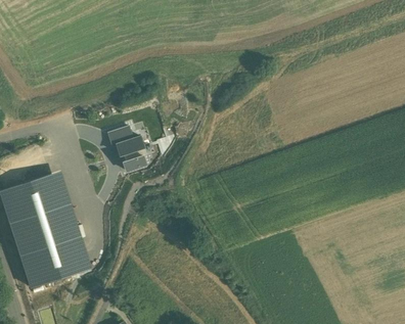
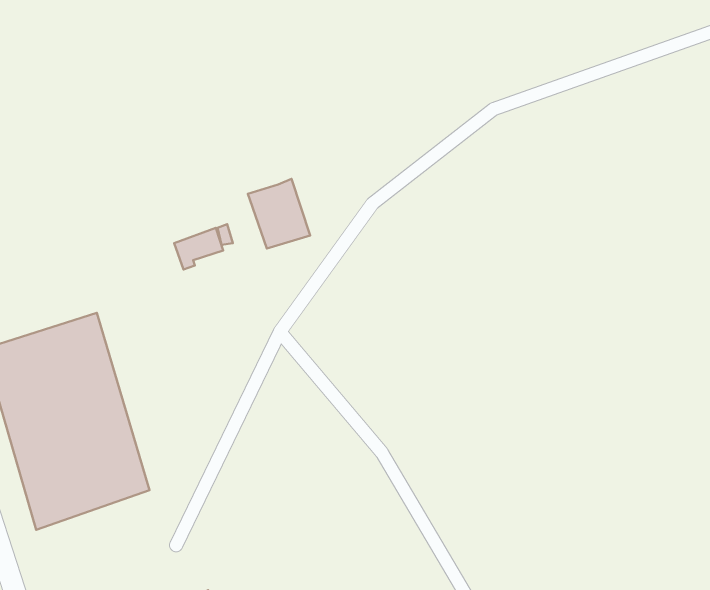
building: [115,135,148,173] -> [248,179,310,249]

